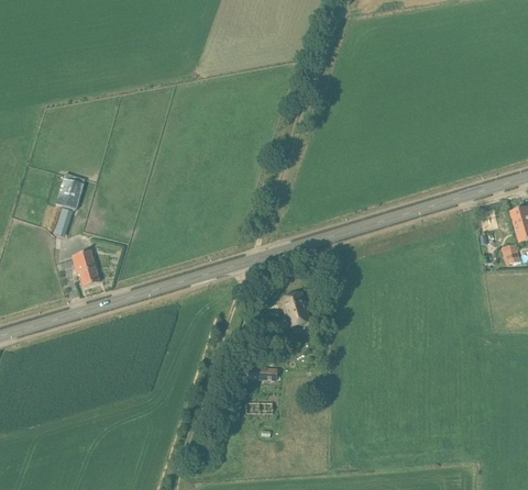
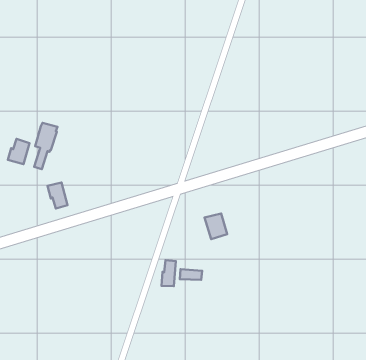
building: none -> [8,139,30,164]
building: none -> [161,260,176,286]

